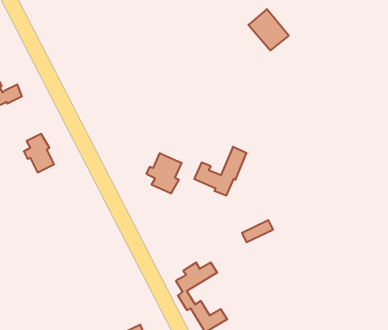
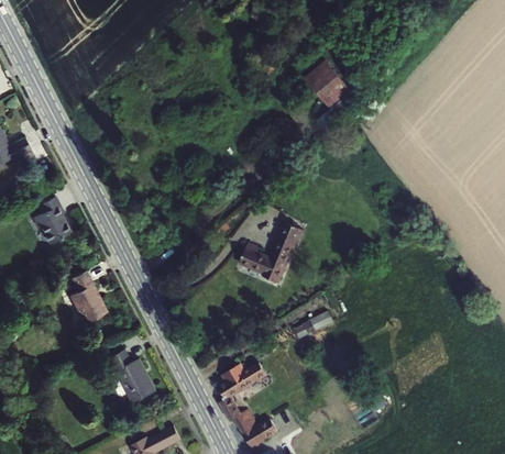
building: [147,153,182,193] -> none
building: none -> [72,277,109,330]
building: none -> [110,355,158,410]

